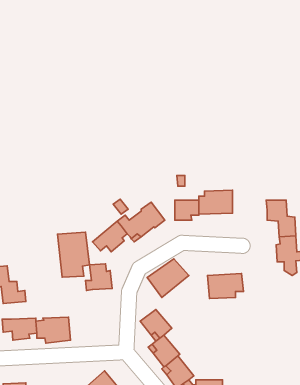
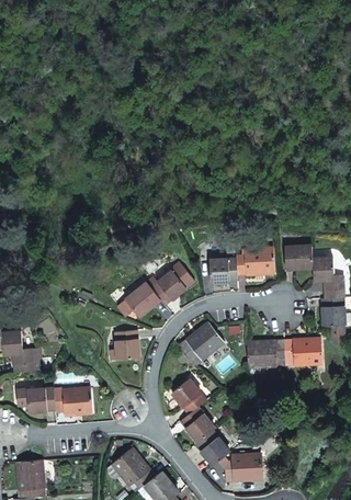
building: none -> [282,246,310,270]
building: [58,232,89,277] -> none
building: none -> [282,338,320,365]

